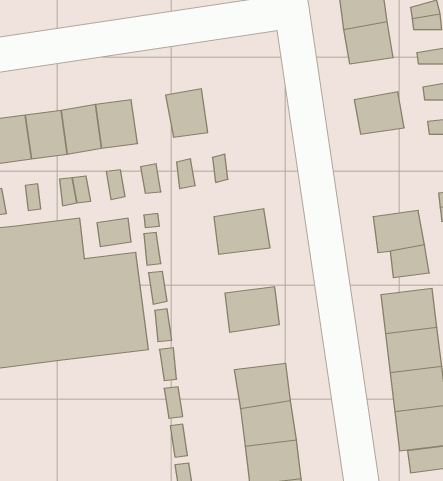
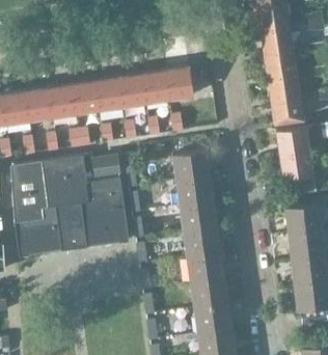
building: none -> [264,49,296,77]
building: none -> [165,66,193,99]
building: none -> [118,74,146,106]
building: none -> [271,95,303,124]
building: none -> [275,127,309,155]
building: none -> [176,175,214,206]
building: none -> [184,226,221,256]

